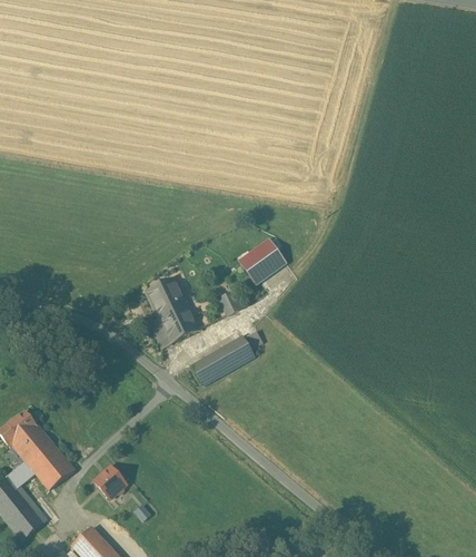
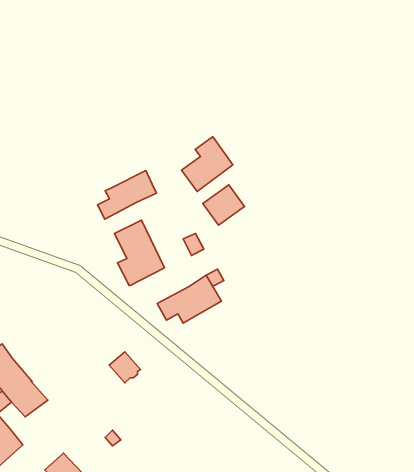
building: none -> [182,137,233,192]
building: none -> [98,170,156,219]
building: [92,465,126,498] -> [109,352,140,383]

